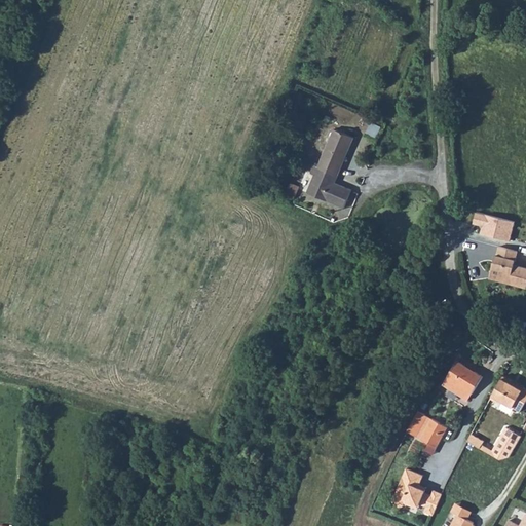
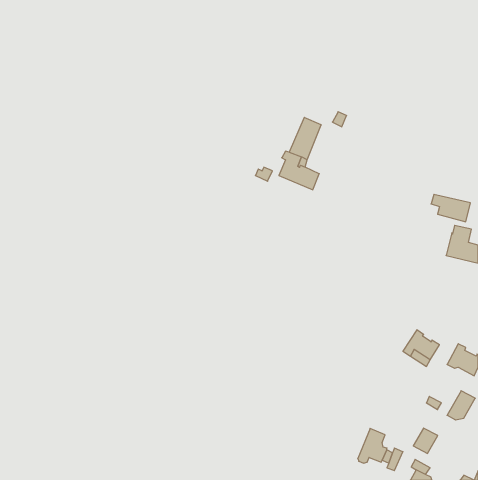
building: [419,419,446,447] -> [413,428,438,453]

